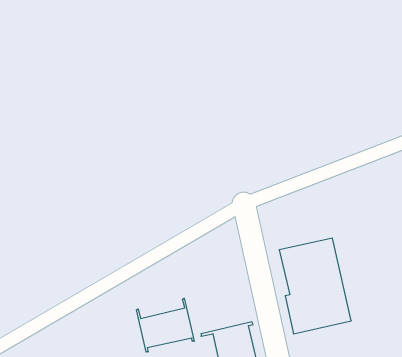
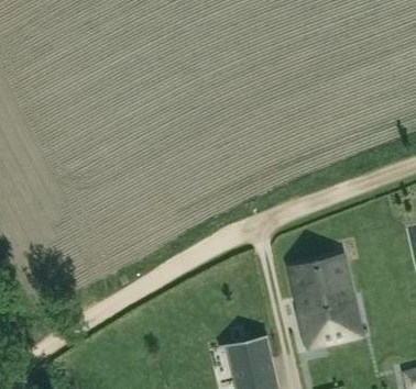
building: [137,298,194,352] -> none

